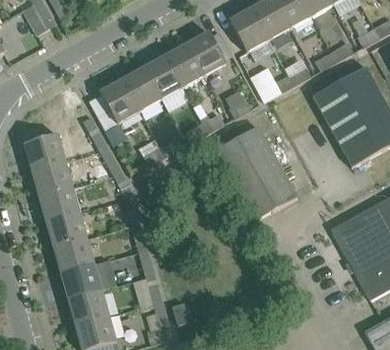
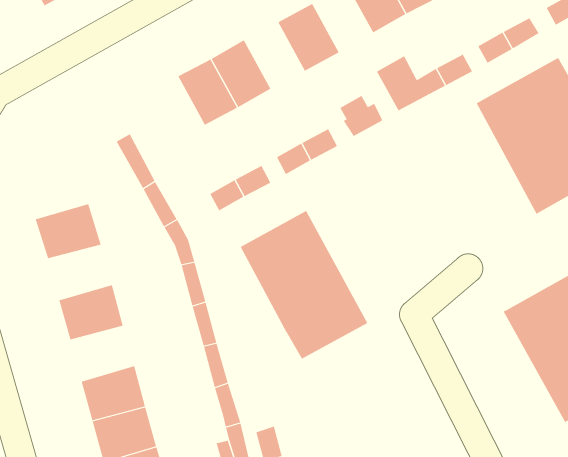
building: [165,45,203,87] -> none
building: [99,79,139,130] -> none
building: [214,126,297,221] -> [240,210,368,360]
building: [23,134,65,170] -> none
building: [39,187,80,222] -> none
building: [53,238,94,274] -> none

